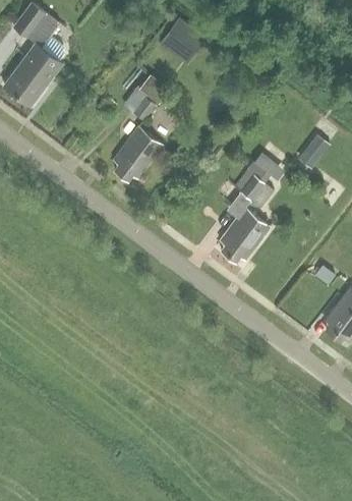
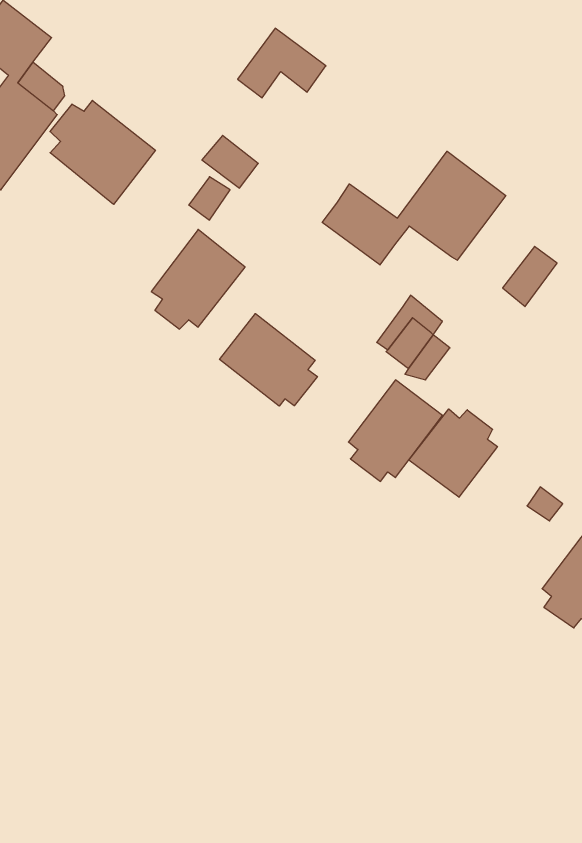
building: none -> [50,100,155,204]
building: none -> [322,151,506,265]
building: none -> [220,314,317,406]
building: none -> [409,409,497,497]

